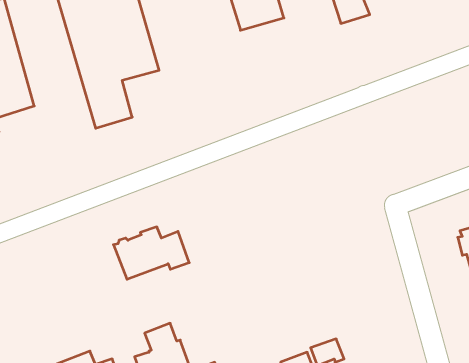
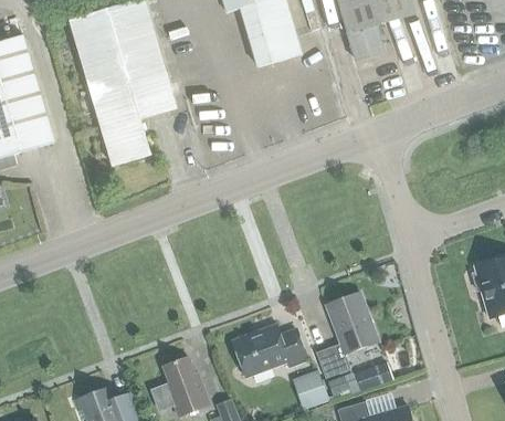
building: [113,227,189,279] -> [233,320,308,372]
building: none -> [315,292,377,377]
building: none -> [354,361,391,390]

